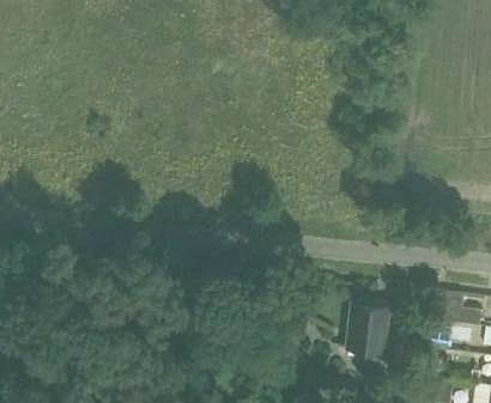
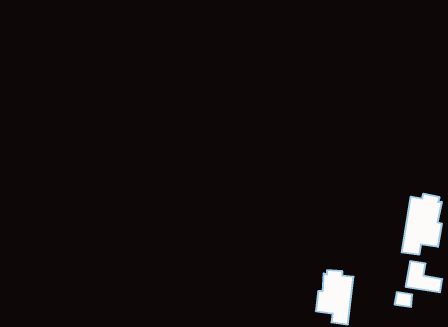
building: none -> [402,194,442,255]

